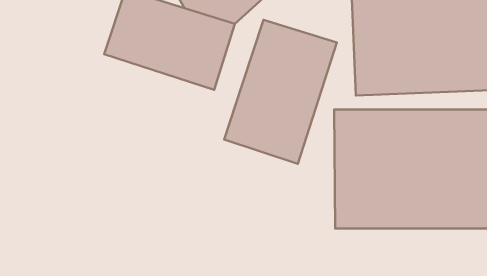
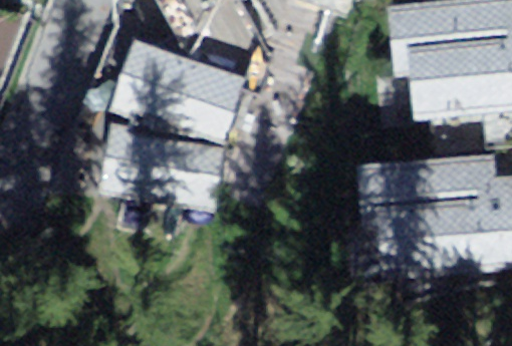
building: [224,20,337,164] -> none
building: none -> [103,110,233,201]

